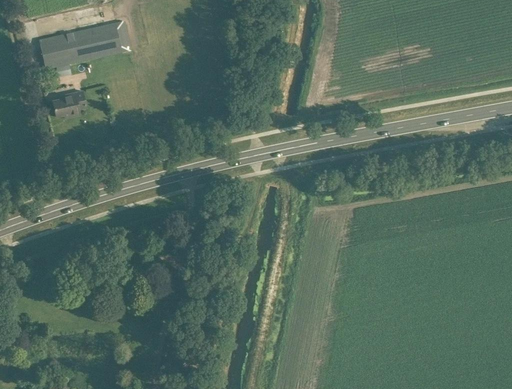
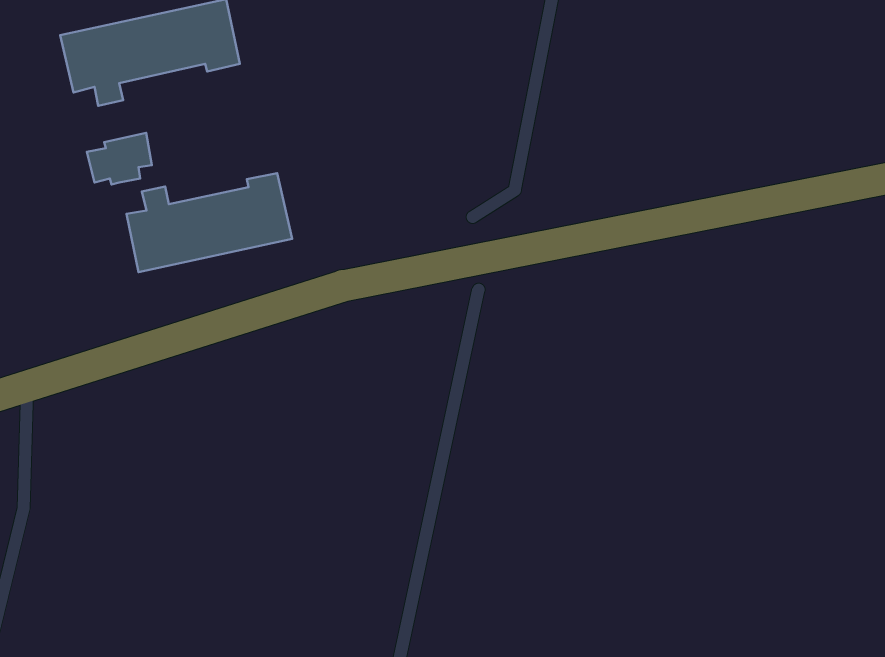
building: none -> [127,173,292,272]

